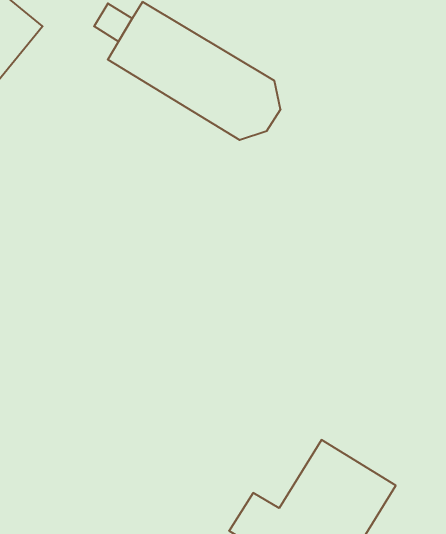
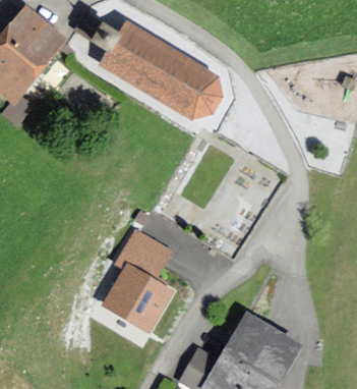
building: none -> [106,232,172,329]

